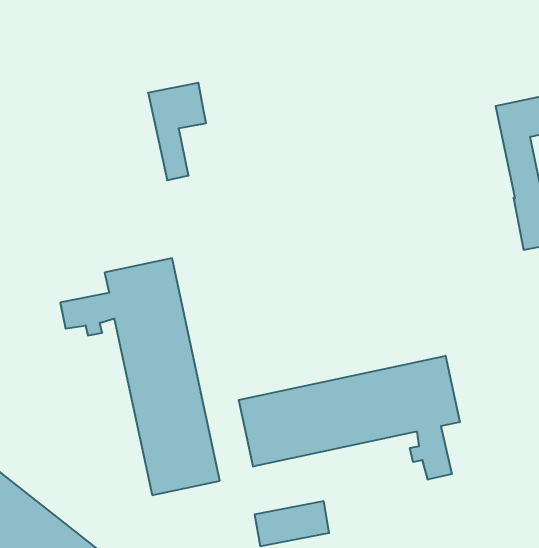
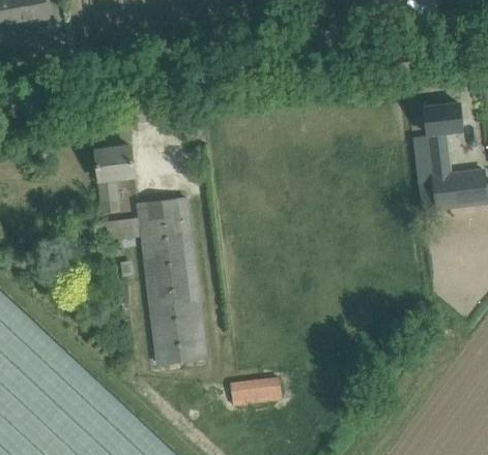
building: [148,83,206,180] -> [92,147,132,214]
building: [239,356,460,480] -> none

